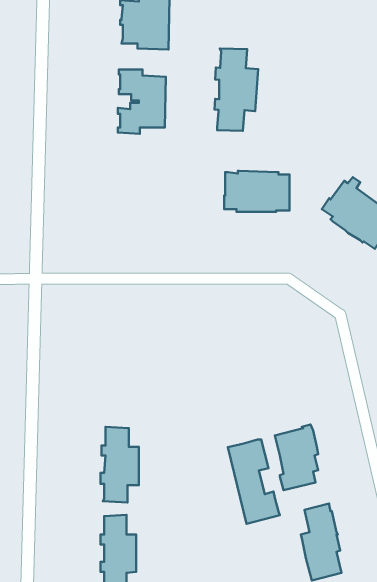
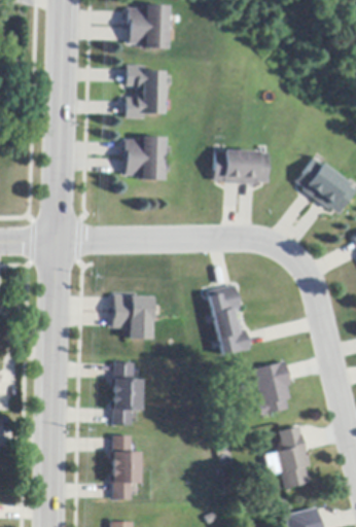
building: [214,49,258,131] -> none
building: none -> [122,136,165,179]
building: none -> [112,294,153,339]
building: [228,440,280,524] -> [208,285,251,355]

